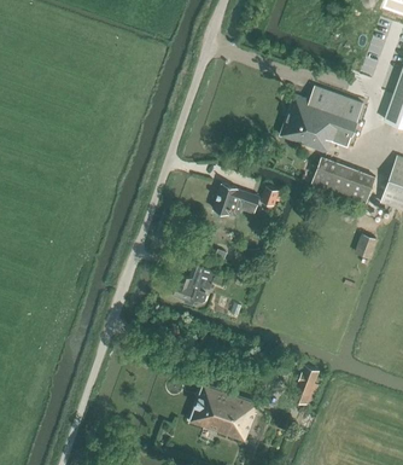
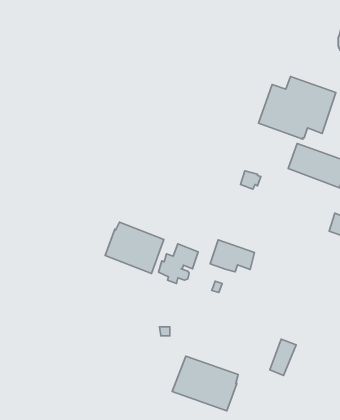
building: [212,182,259,216] -> [210,240,255,272]
building: none -> [105,222,164,273]

